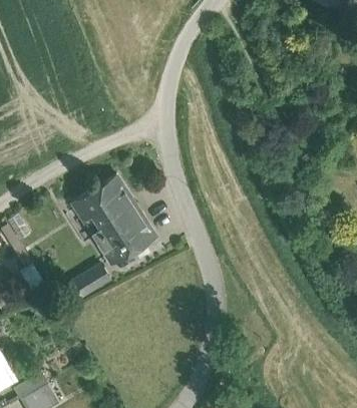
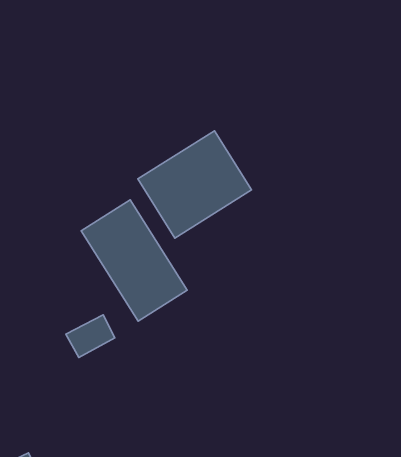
building: none -> [138,131,252,238]

